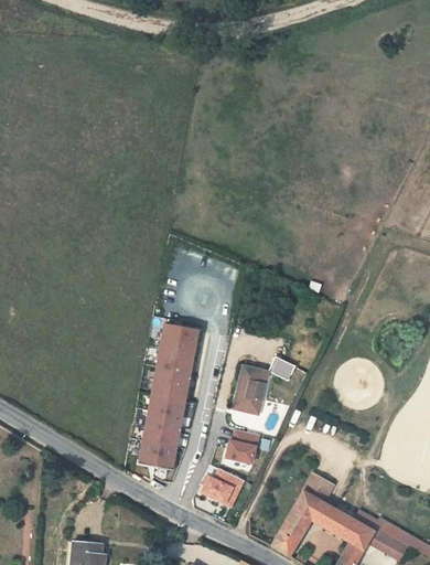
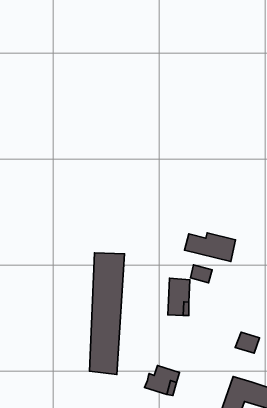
building: none -> [184,233,235,262]
building: [224,429,257,463] -> none
building: [302,478,332,504] -> [235,332,259,353]

